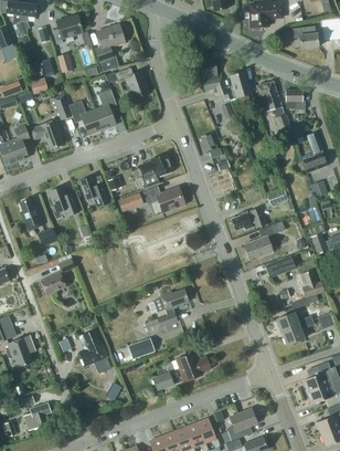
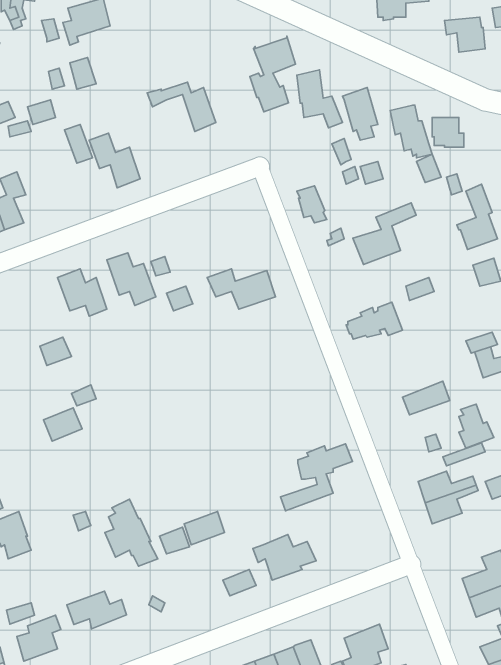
building: [94,23,123,71] -> [250,36,296,112]
building: [94,88,117,128] -> none
building: [30,118,62,148] -> none
building: [138,153,173,177] -> none
building: [20,197,43,230] -> none
building: [243,221,283,260] -> [353,203,416,265]
building: [142,289,188,331] -> [280,444,353,511]
building: none -> [67,591,126,629]

